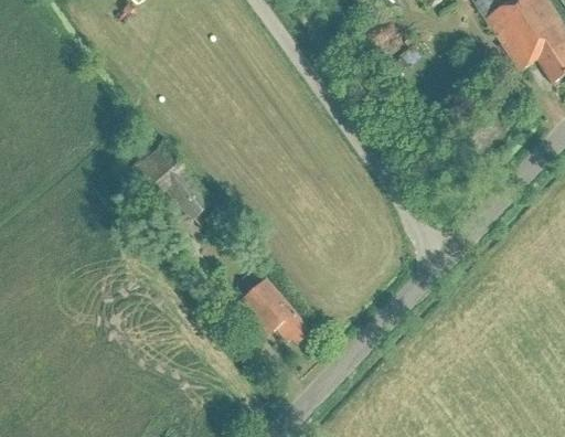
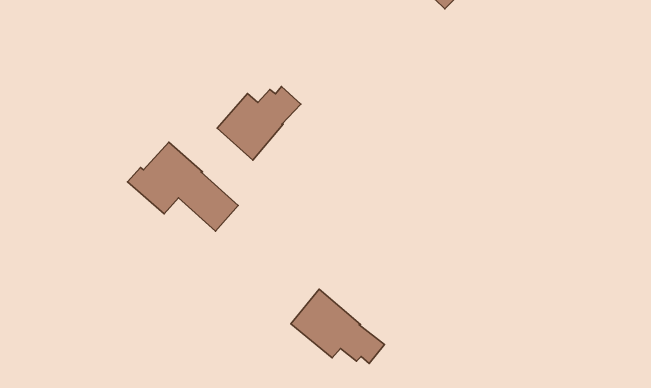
building: none -> [217,87,301,160]

